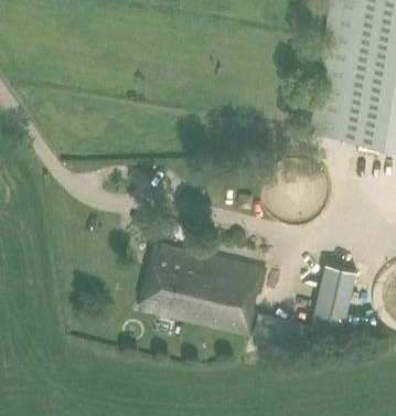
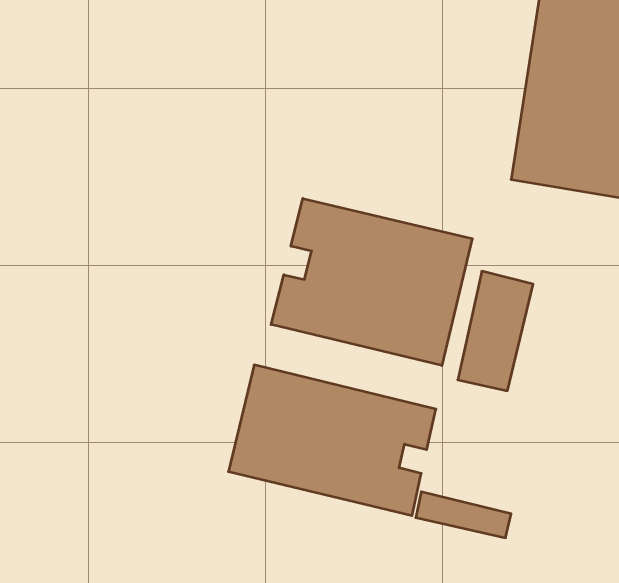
building: none -> [271,198,472,366]
building: [315,266,361,338] -> [458,271,533,391]

